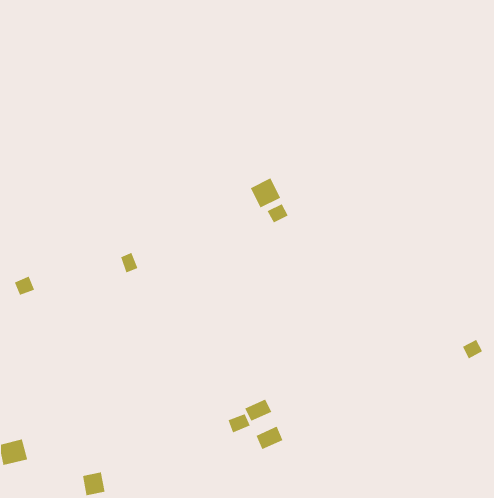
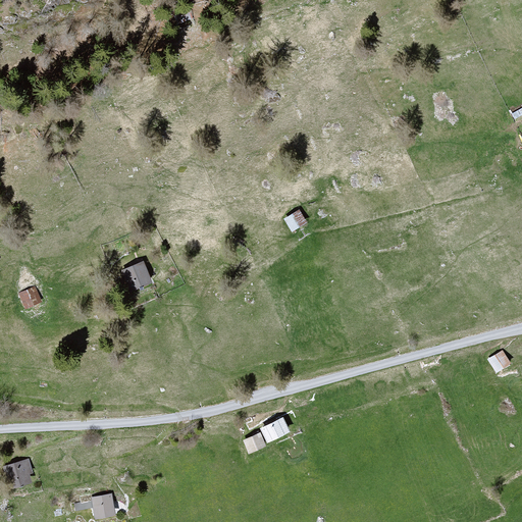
building: [250,177,281,209] -> none
building: [255,426,284,450] -> none

